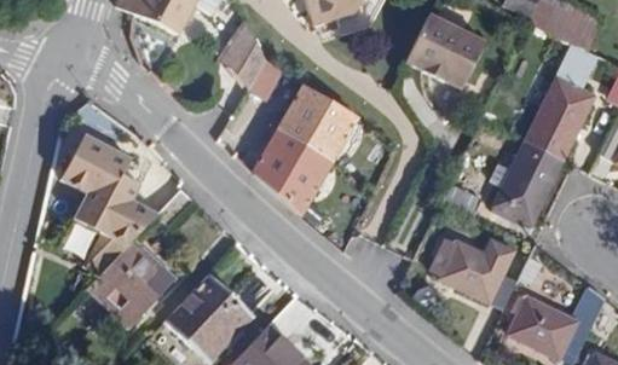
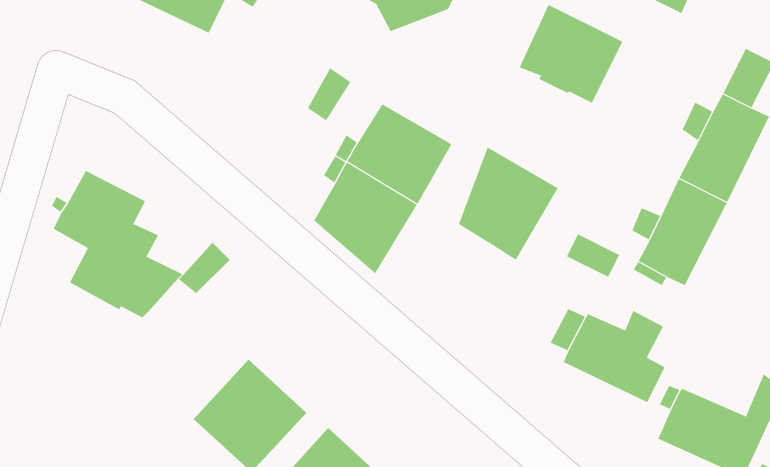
building: [226,18,267,88] -> none
building: none -> [458,147,558,260]
building: [88,239,175,326] -> none

